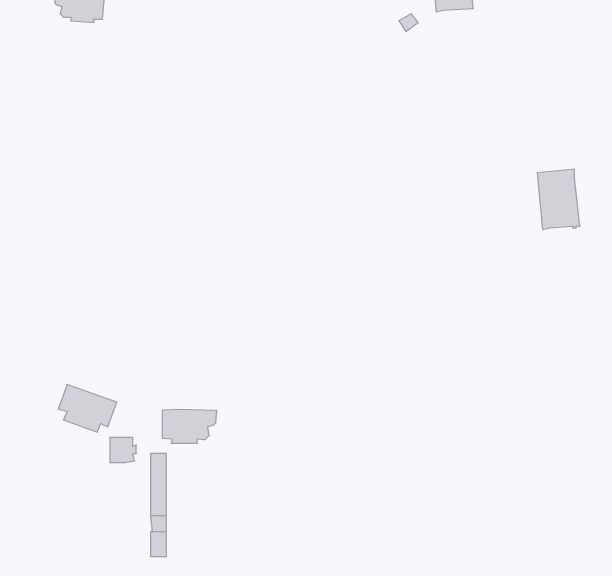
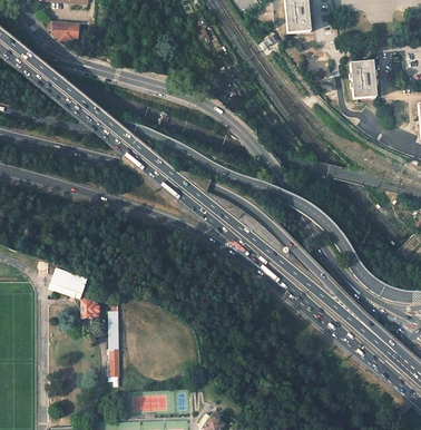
building: [537,169,580,230] -> [350,61,376,99]
building: [162,409,216,444] -> none

